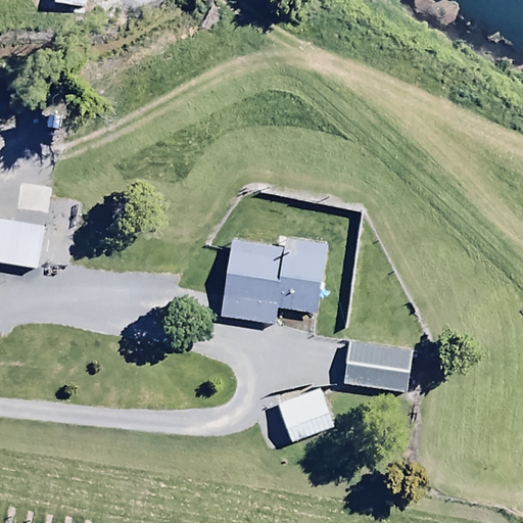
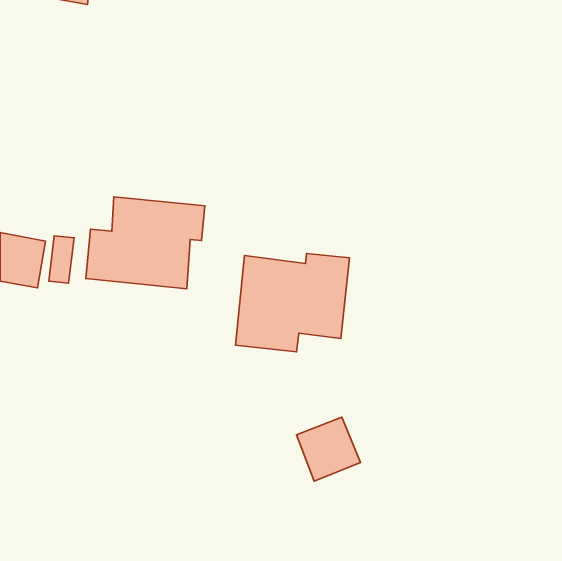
building: none -> [86,197,205,289]
building: [342,340,413,393] -> none

